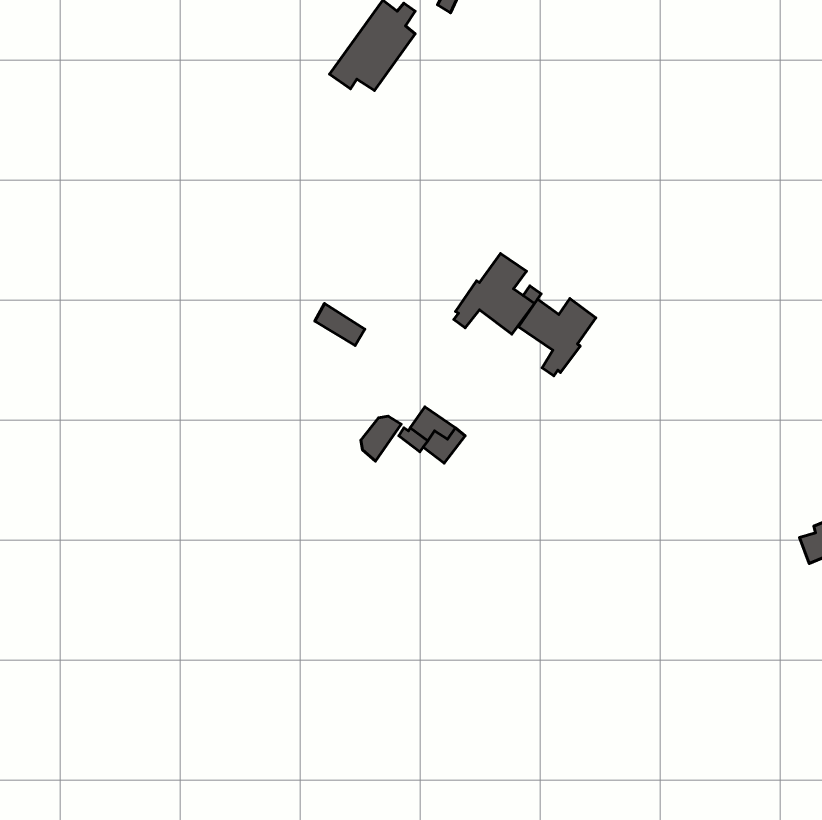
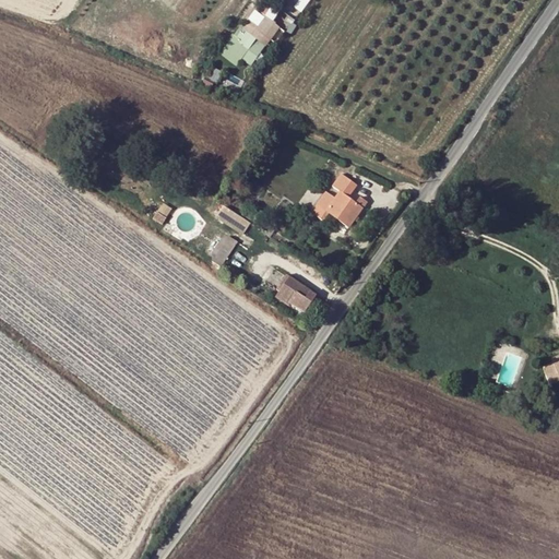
building: [518,299,596,376] -> none
building: [361,416,401,461] -> [210,236,237,266]

